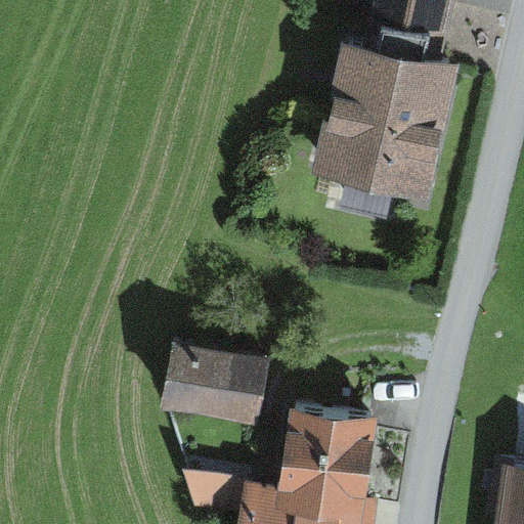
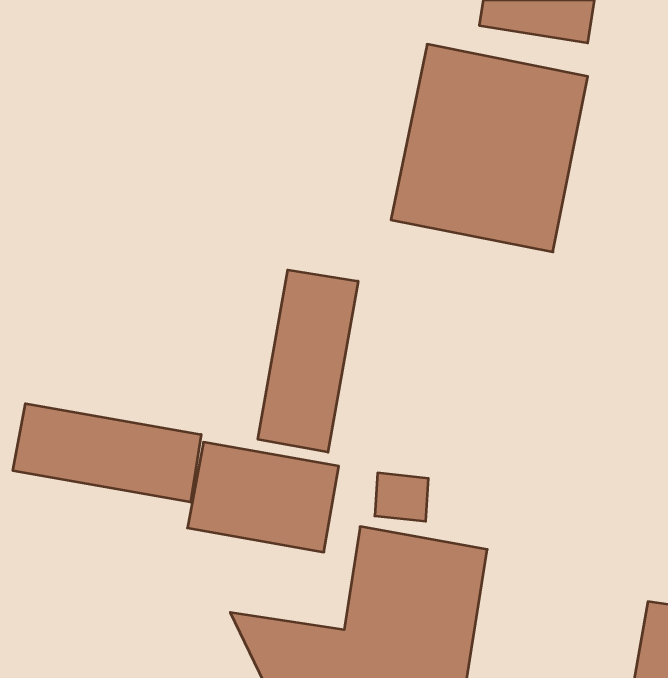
building: none -> [258,270,358,452]
building: none -> [13,404,201,502]

